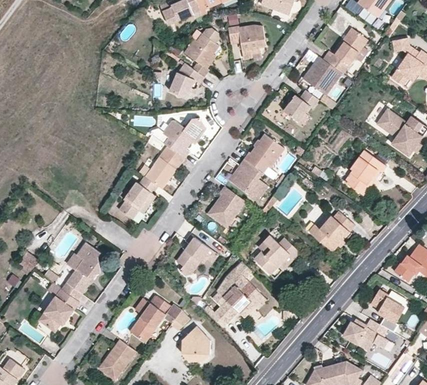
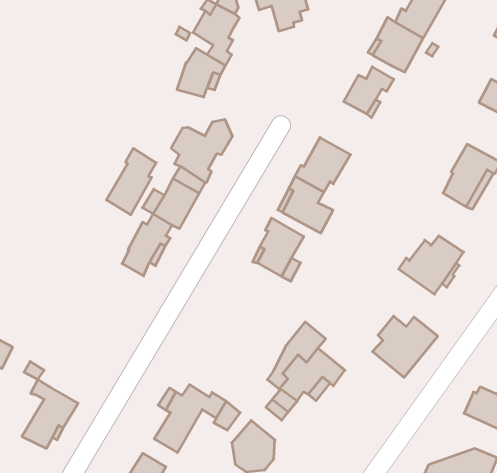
building: none -> [106,148,156,215]
building: [254,235,300,278] -> [372,316,438,377]
building: [178,236,210,275] -> none
building: [61,241,101,299] -> none

